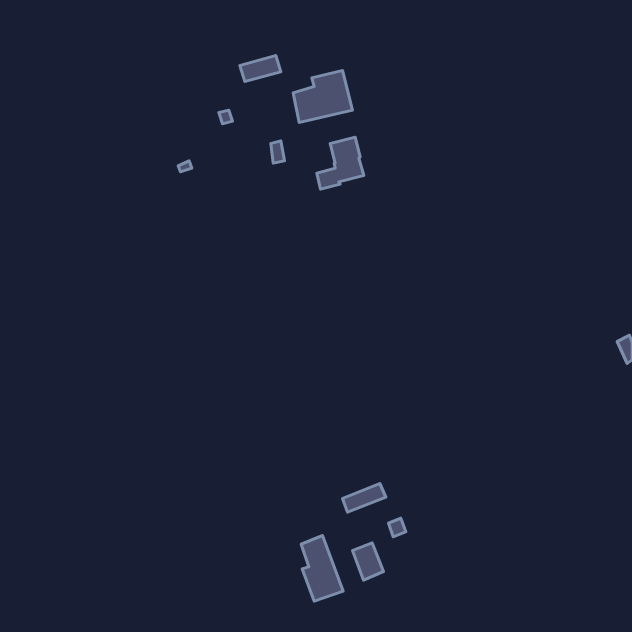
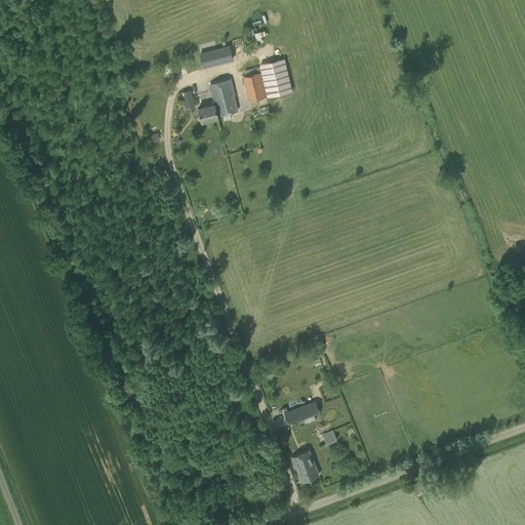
building: [317,137,364,189] -> [198,79,237,122]
building: [301,535,343,601] -> none

